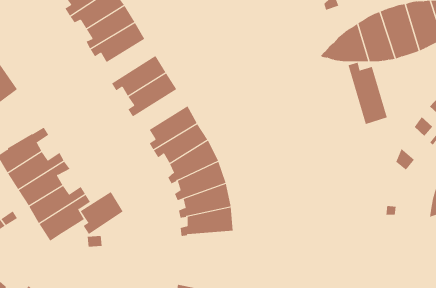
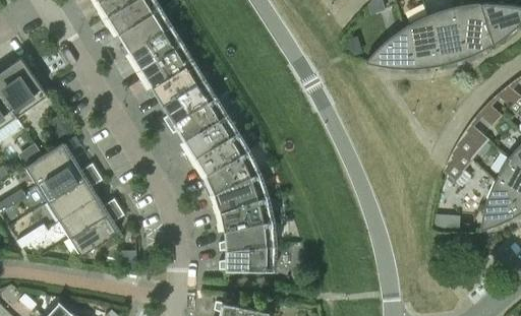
building: none -> [140,44,192,90]
building: [348,62,388,125] -> none
building: none -> [168,97,226,139]
building: [80,191,124,235] -> none
building: none -> [219,245,274,270]

